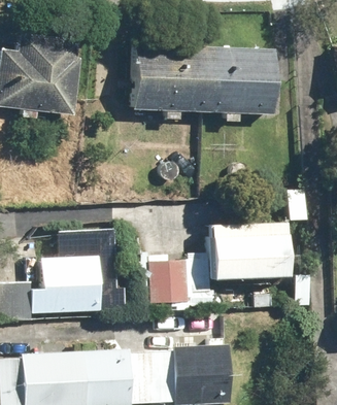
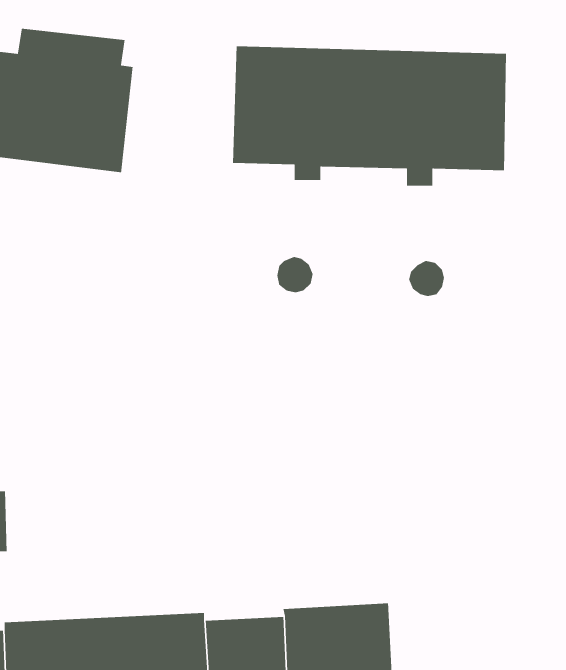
building: [206,222,281,278] -> none
building: [27,256,97,313] -> none
building: [148,260,190,302] -> none

